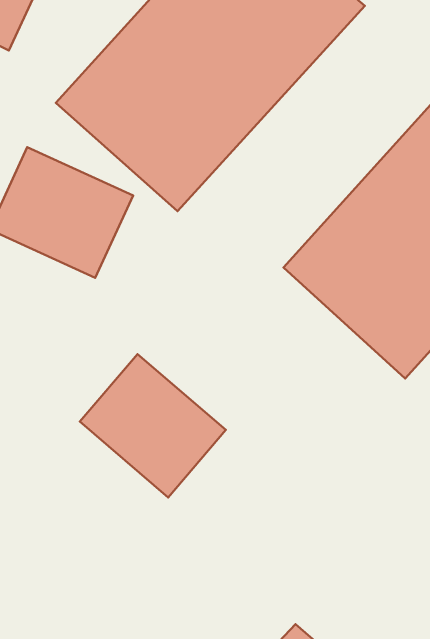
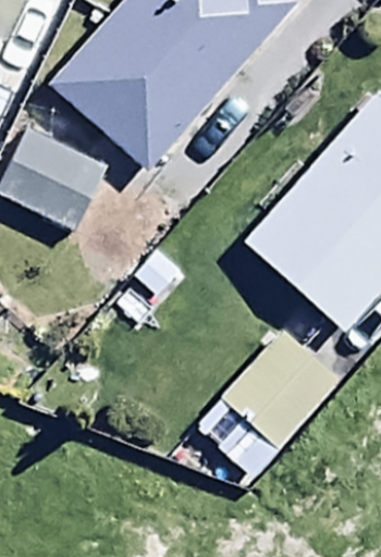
building: [80,354,226,497] -> none
building: none -> [202,322,342,468]

